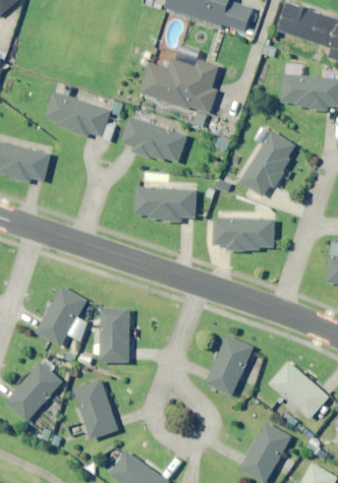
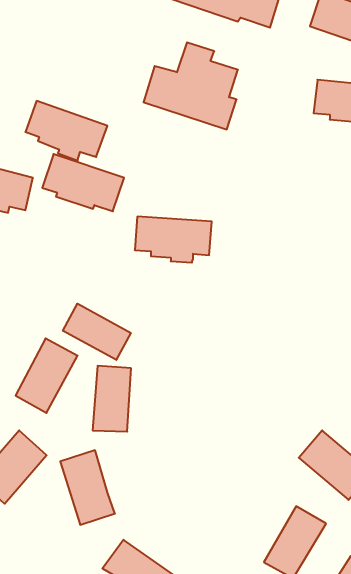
building: [120,116,187,163] -> [42,154,124,211]
building: [238,131,294,198] -> none
building: [214,219,273,252] -> none
building: none -> [63,304,131,360]
building: [205,336,254,396] -> none

